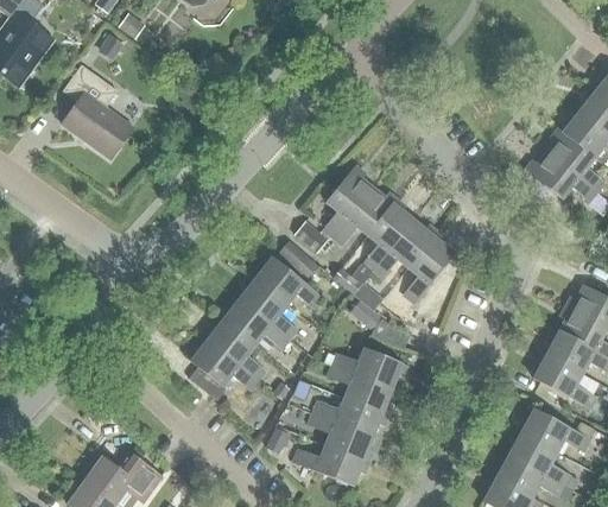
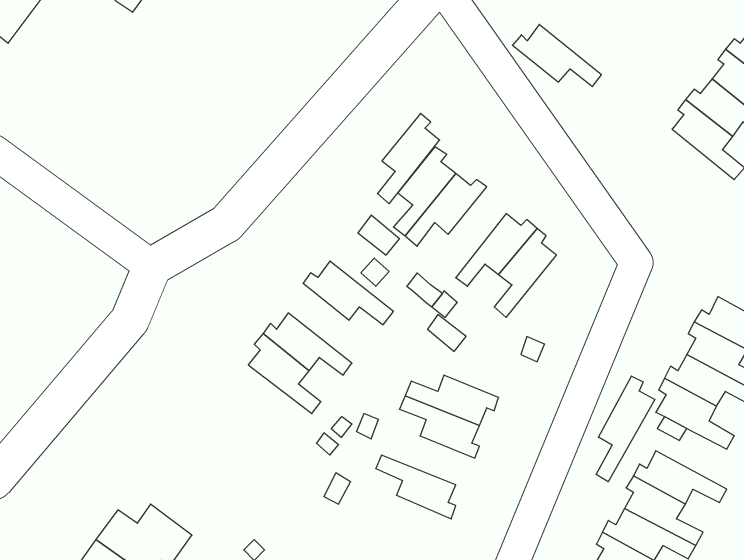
building: [62,64,132,158] -> none
building: [525,151,596,201] -> [512,24,601,87]
building: [363,197,413,270] -> [377,113,440,204]
building: [239,274,297,338] -> none
building: [185,340,258,400] -> none
building: none -> [596,376,655,482]
building: [314,397,388,436] -> none
building: [293,444,369,484] -> none

